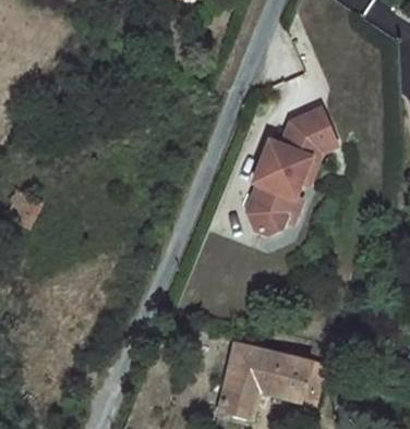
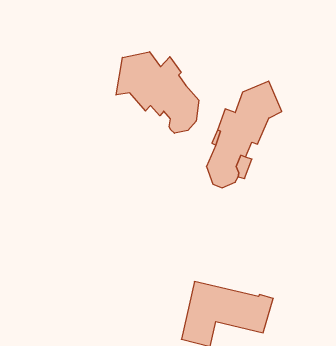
building: none -> [116,52,199,133]

